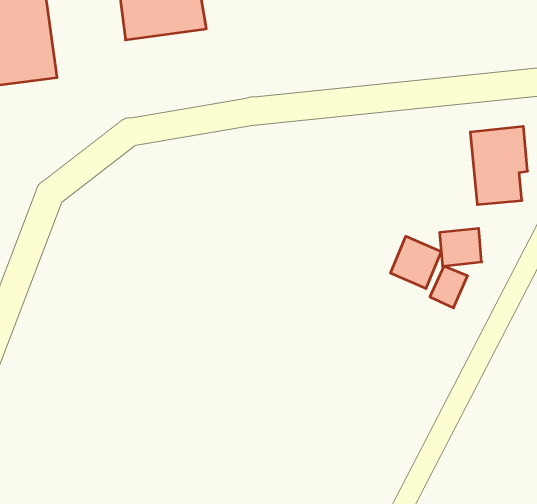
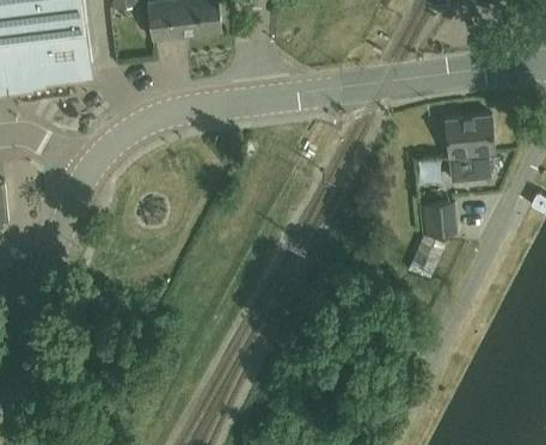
building: [391,236,441,289] -> none

